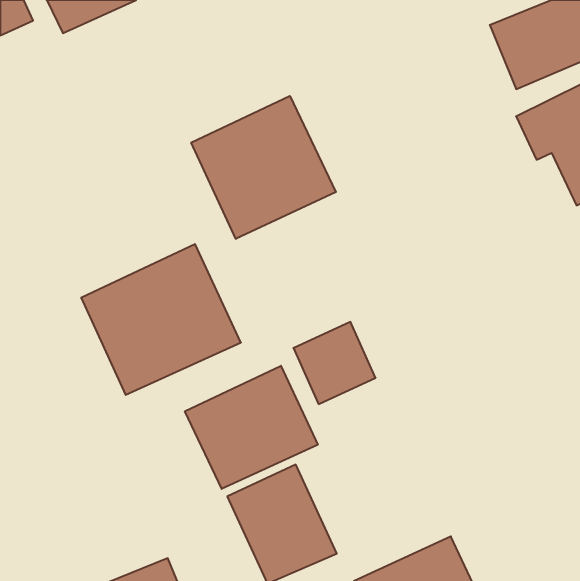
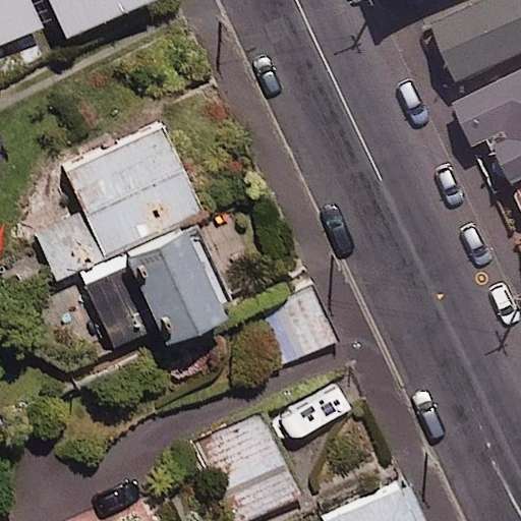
building: [191,96,336,239] -> none
building: none -> [36,122,198,277]
building: [185,366,318,489] -> none

